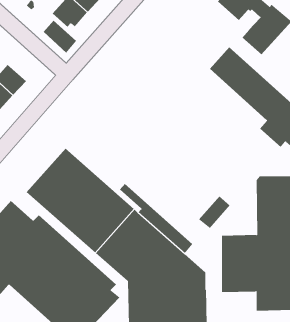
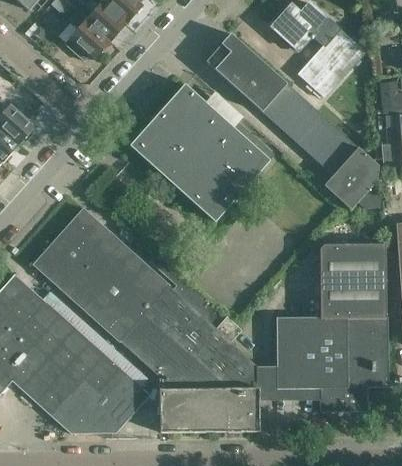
building: none -> [206,33,287,111]
building: [43,20,77,54] -> none
building: none -> [130,83,274,220]
building: [198,196,231,229] -> none

